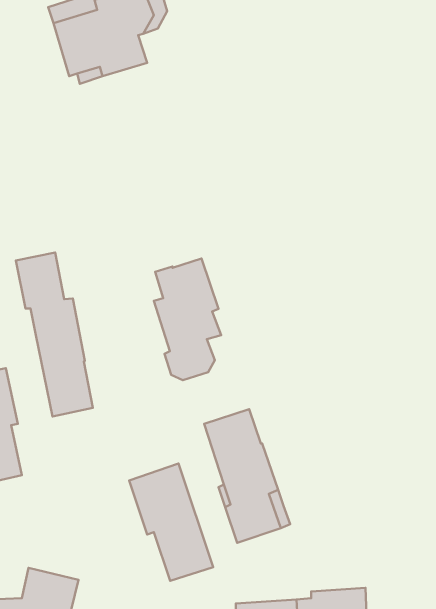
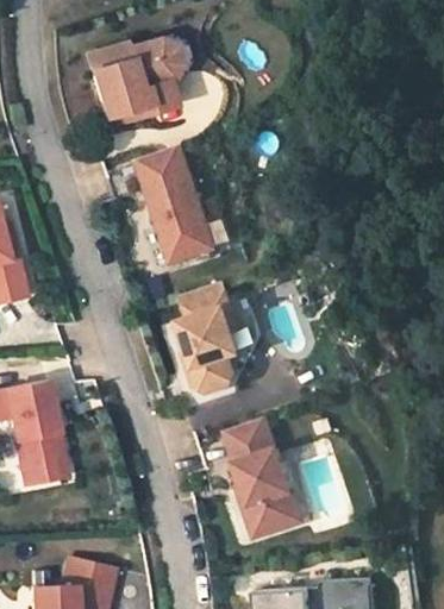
building: none -> [136,146,214,262]
building: [16,253,93,417] -> none
building: [129,463,213,581] -> none

